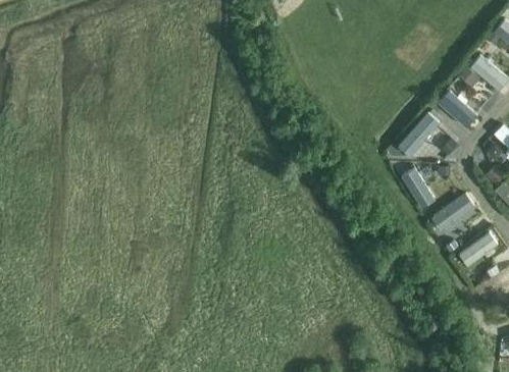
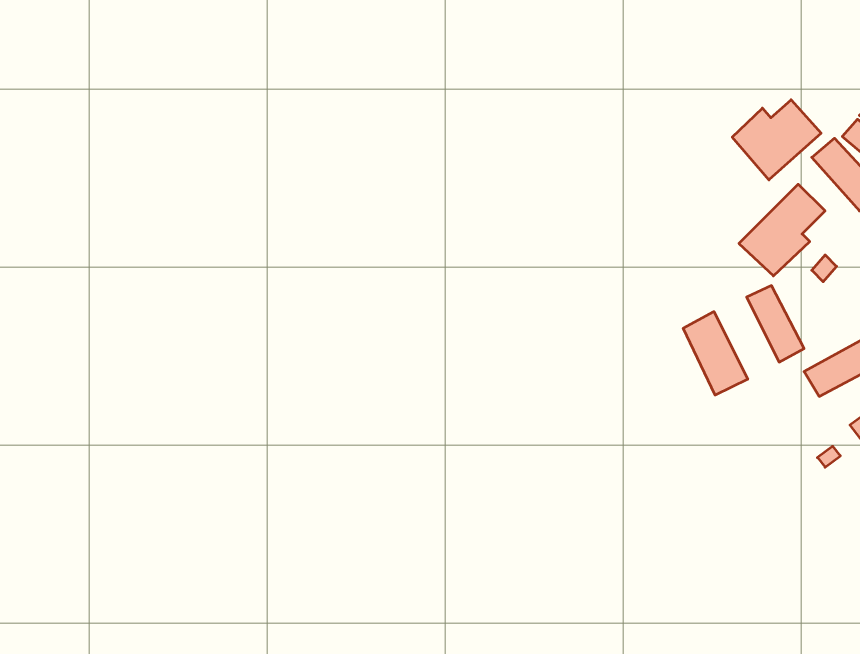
building: none -> [732,100,821,180]
building: none -> [683,312,748,395]

